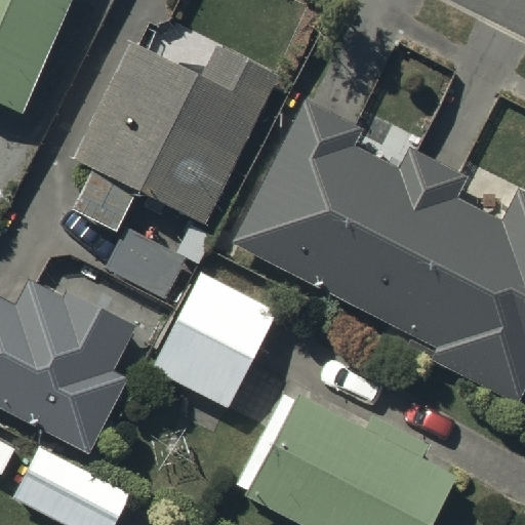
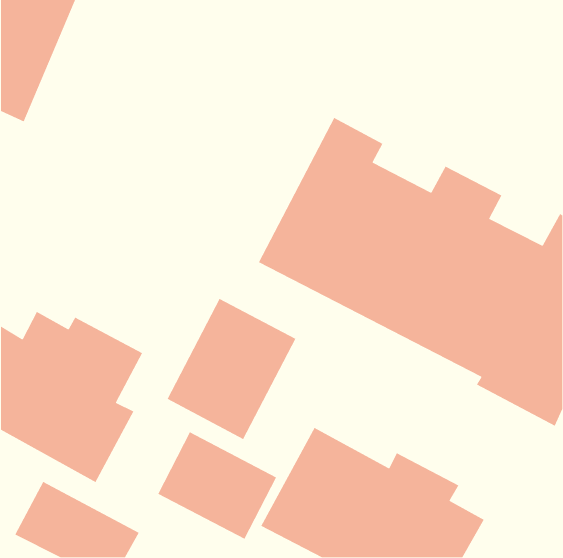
building: [79,51,279,231] -> none
building: none -> [157,431,277,540]

